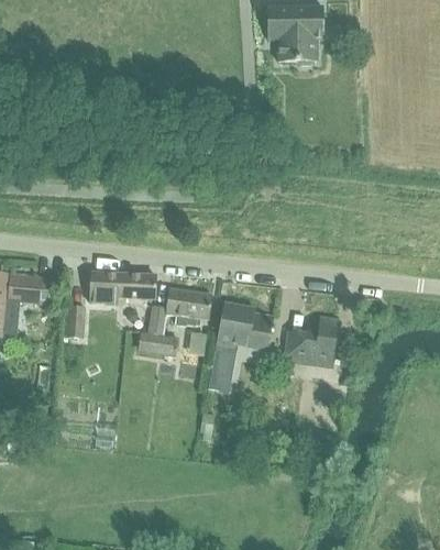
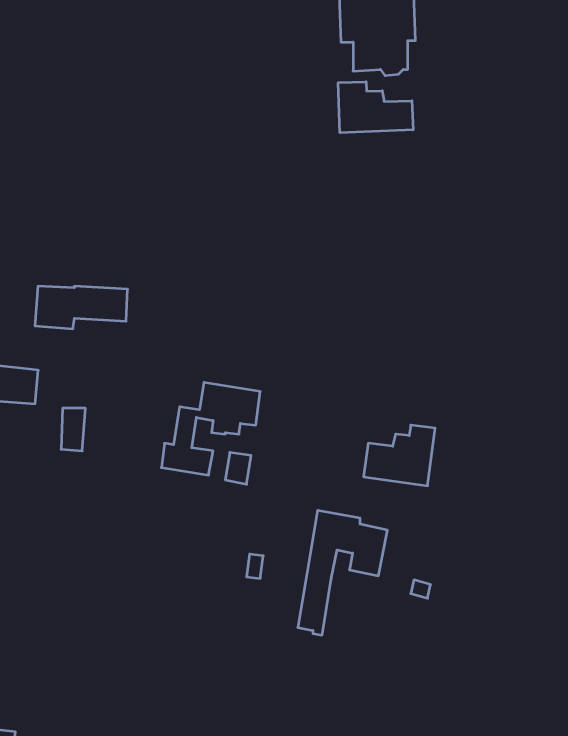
building: none -> [338,82,413,133]
building: [89,273,156,304] -> [35,286,128,329]
building: [209,301,274,392] -> [298,510,387,635]

